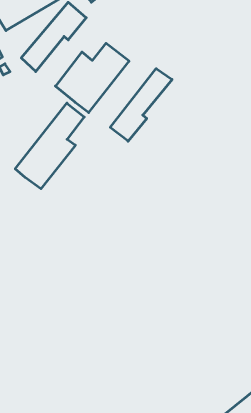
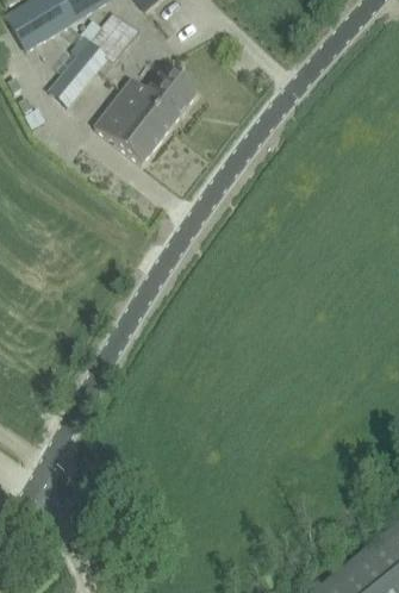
building: [110,69,172,141] -> none
building: [15,103,84,189] -> none

